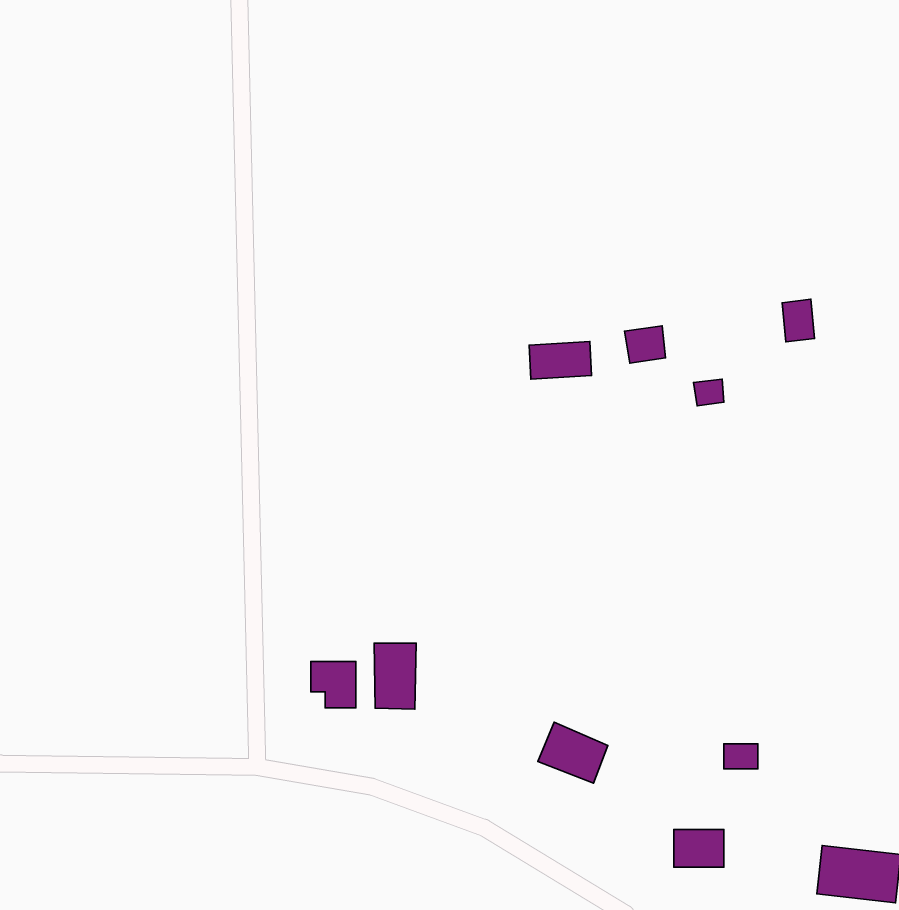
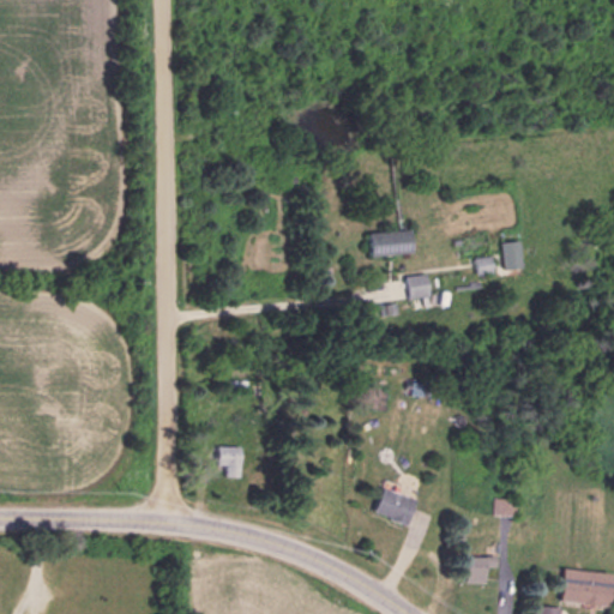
building: [782,299,814,342] -> [504,241,525,270]
building: [625,326,666,363] -> [403,273,431,299]
building: [374,643,416,709] -> none

